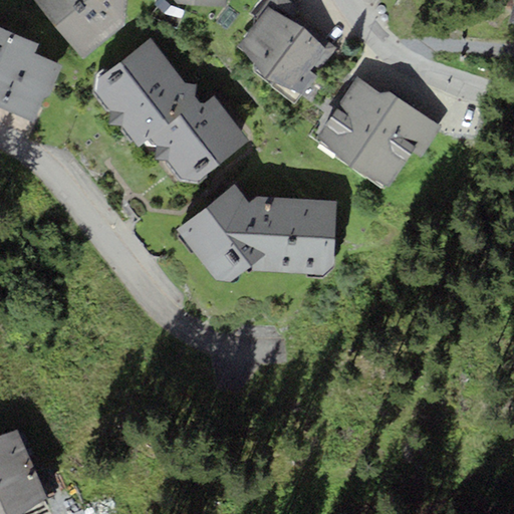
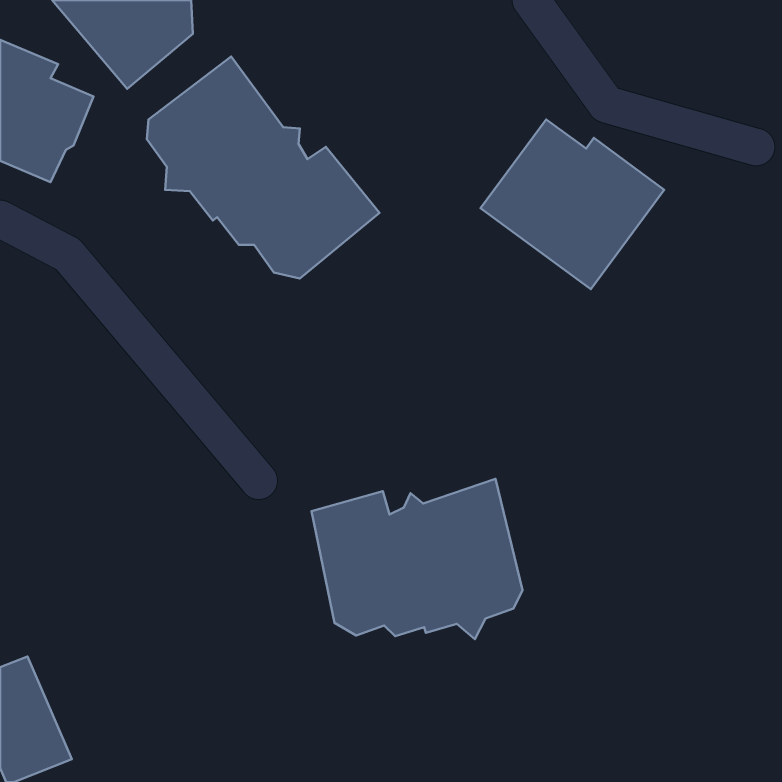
building: [239,9,324,89] -> none
building: [178,184,336,285] -> none
building: none -> [312,479,522,639]

